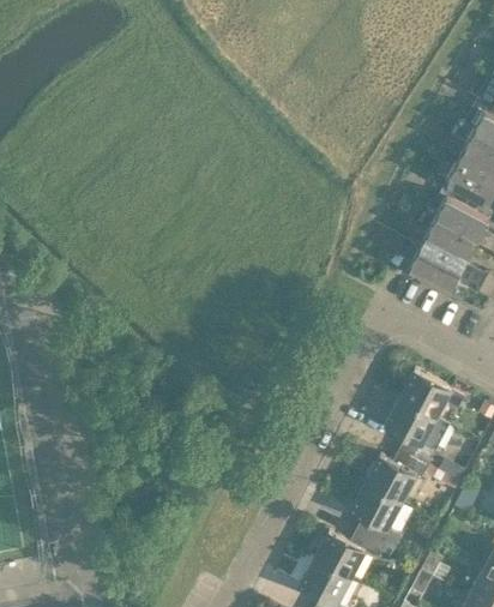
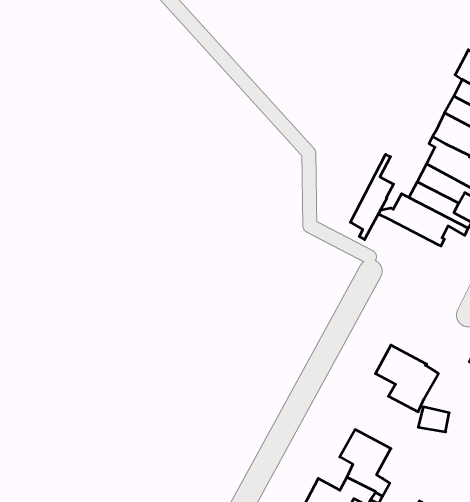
building: none -> [350,154,394,240]
building: [402,371,464,416] -> none
building: [366,449,429,501] -> none

